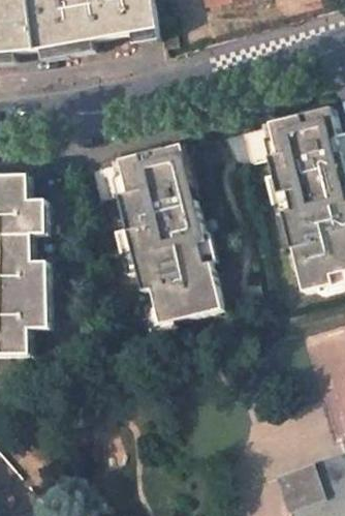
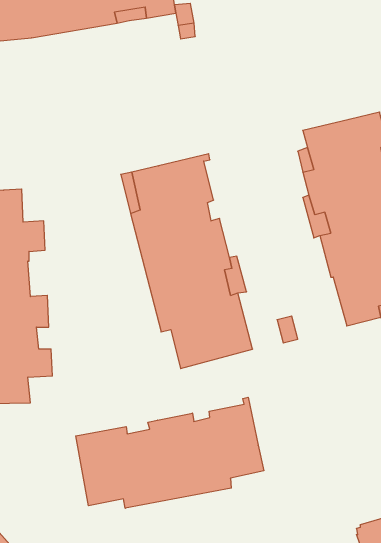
building: none -> [76,397,264,508]

